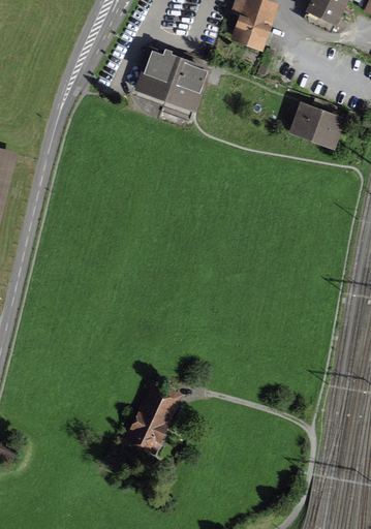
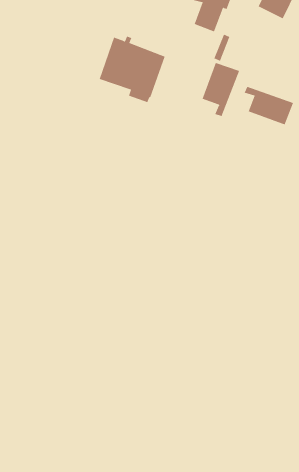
building: none -> [202,62,240,117]
building: [130,383,180,448] -> none

